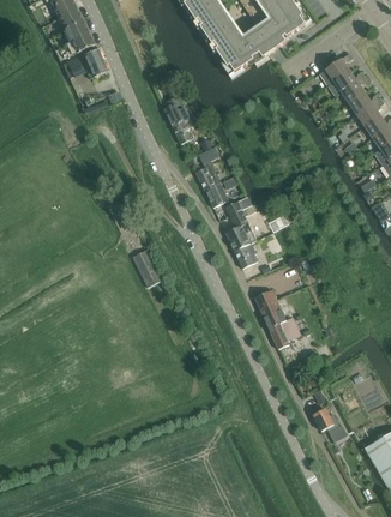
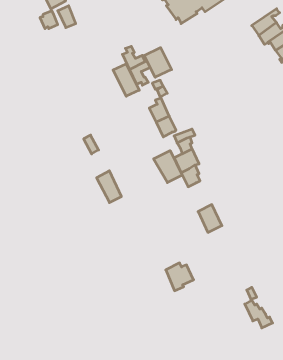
building: none -> [144,48,172,77]
building: none -> [113,64,139,96]
building: none -> [154,151,182,183]
building: [266,313,300,347] -> [166,263,194,291]

